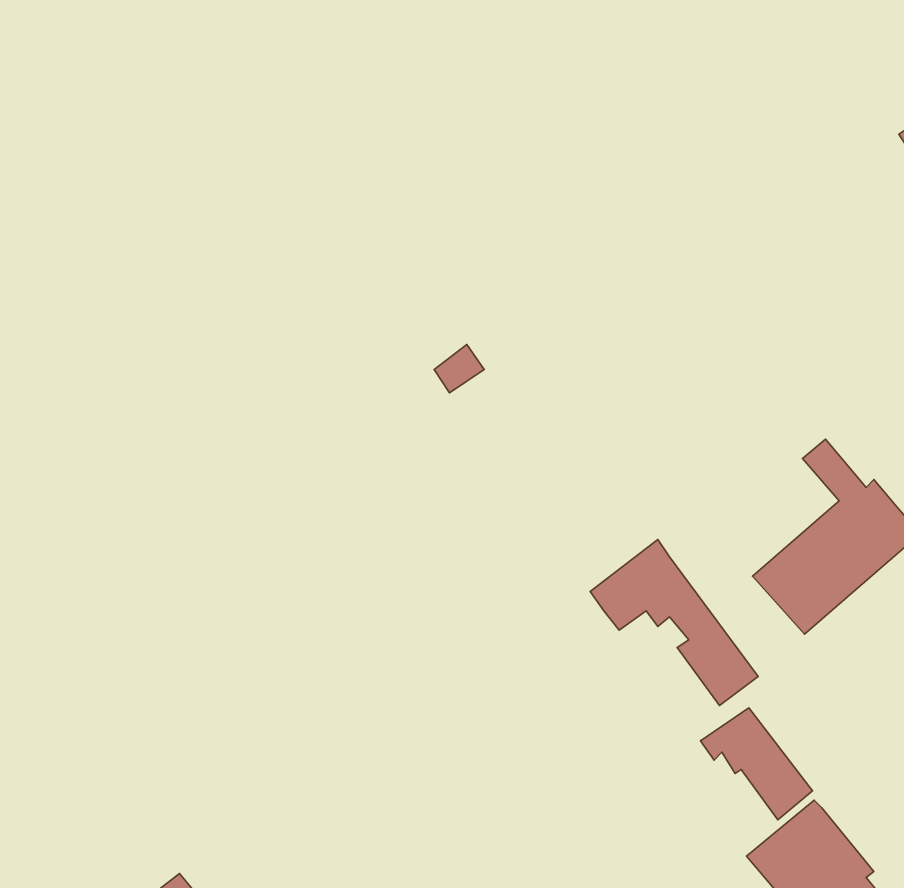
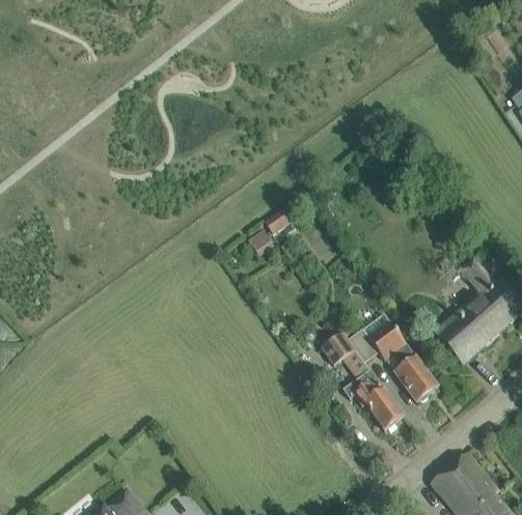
building: none -> [321,334,355,367]
building: [701,708,812,820] -> [344,371,404,431]

